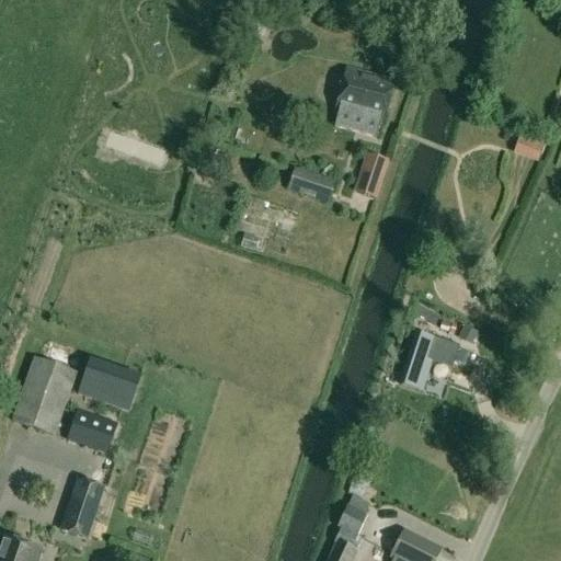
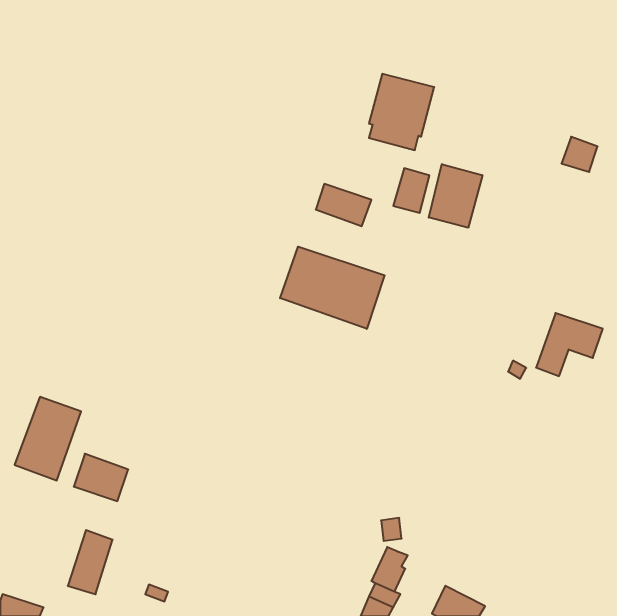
building: none -> [429,164,482,228]
building: none -> [280,247,385,329]
building: [394,333,455,390] -> [536,313,603,376]
building: [73,355,135,407] -> none

